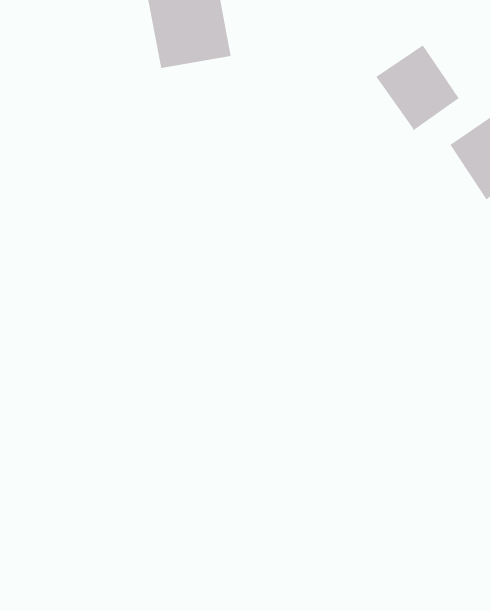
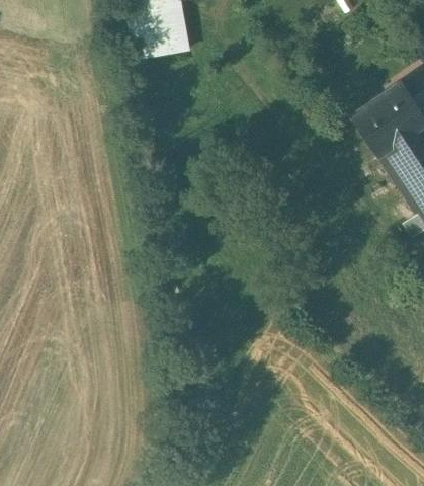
building: [376,44,460,131] -> none

